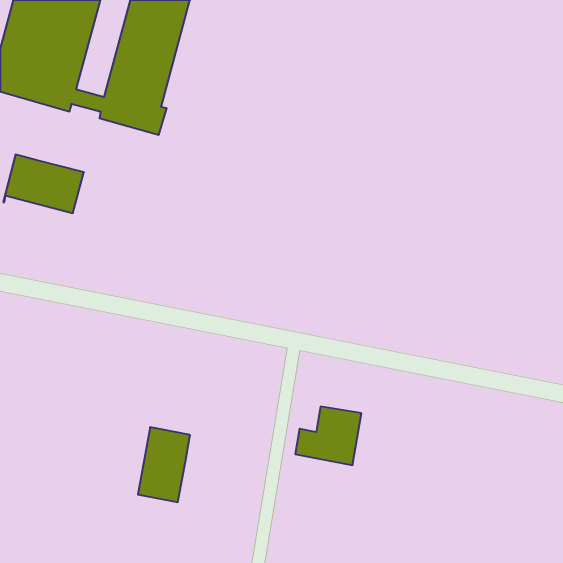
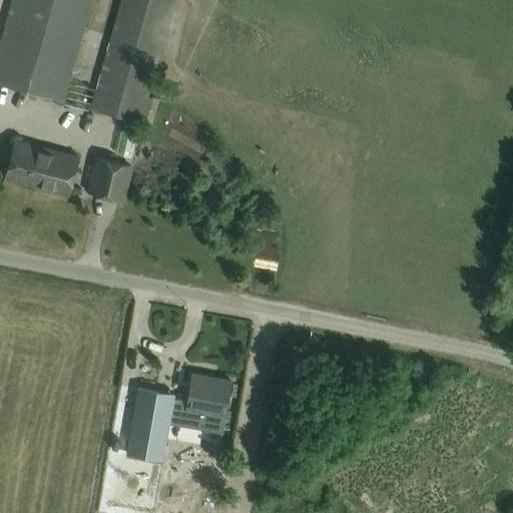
building: none -> [89,158,130,199]
building: [295,407,361,465] -> [169,377,229,430]

